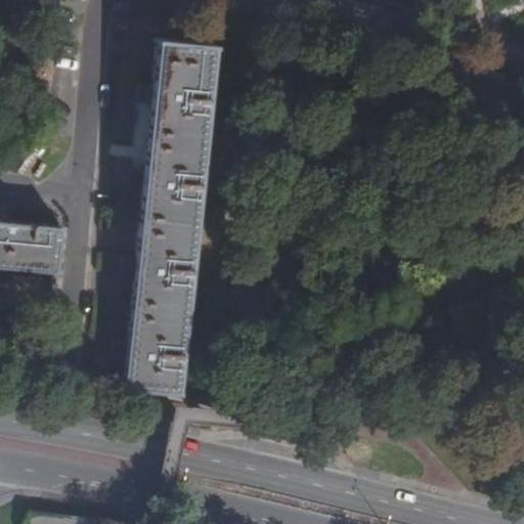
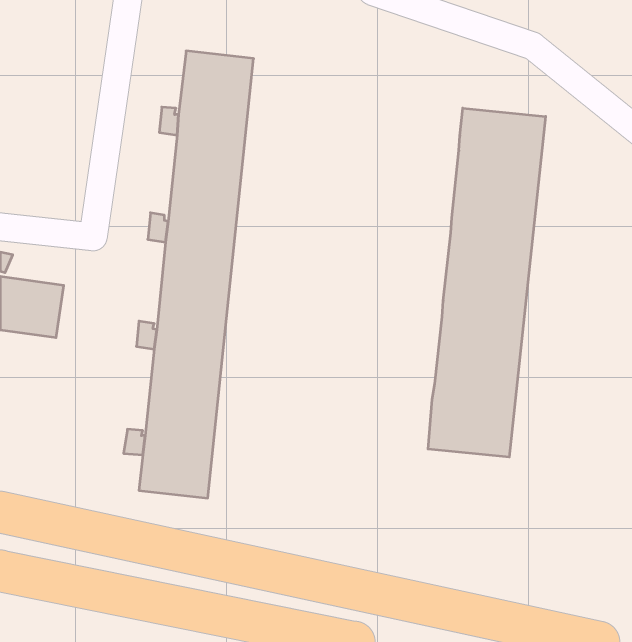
building: none -> [428,108,546,457]

